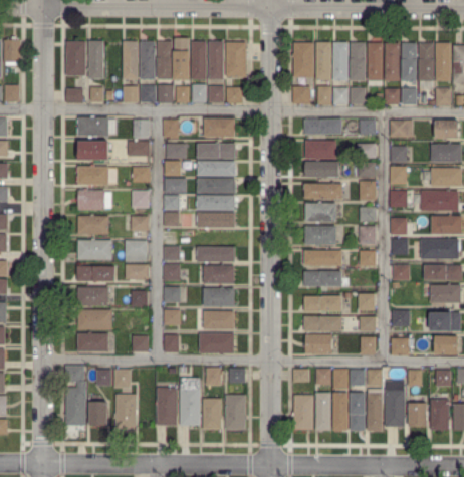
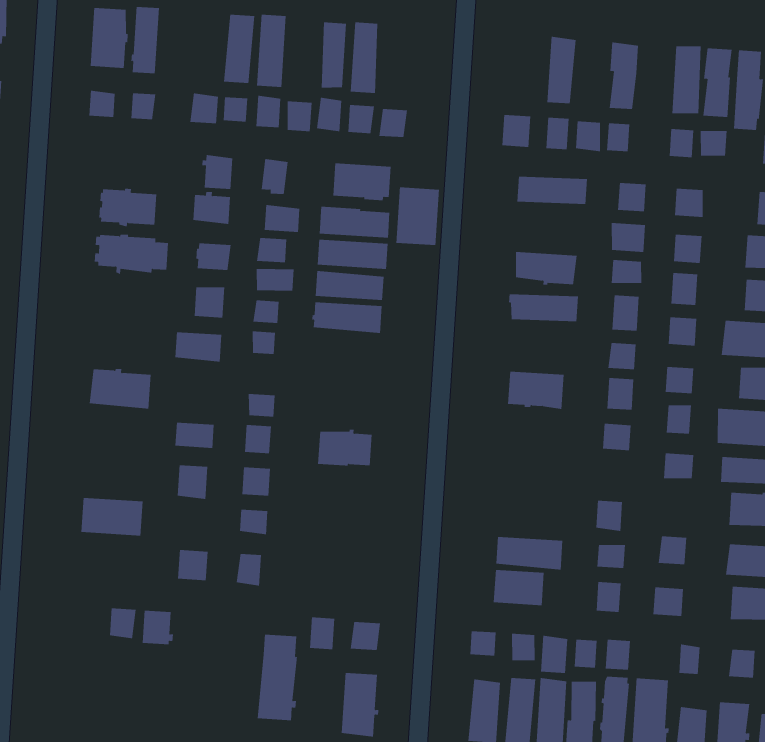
building: [175,38,190,79] -> none
building: [123,40,137,78] -> none
building: [226,42,245,75] -> none
building: [332,42,347,80] -> none
building: [292,43,312,77] -> none
building: [367,43,382,84] -> none
building: [77,115,114,137] -> none
building: none -> [396,187,439,246]
building: [305,140,336,159] -> none
building: [76,190,110,209] -> none
building: [303,202,334,223] -> none
building: [196,212,235,228] -> none
building: [77,214,107,235] -> none
building: [124,240,146,261] -> none
building: [195,247,234,262] -> none
building: [302,250,340,265] -> none
building: [79,266,113,280] -> none
building: [302,270,341,286] -> none
building: [77,287,106,306] -> none
building: [203,287,234,306] -> none
building: [304,295,340,311] -> none
building: [204,310,233,328] -> none
building: [76,331,107,351] -> none
building: [199,332,233,353] -> none
building: [65,365,85,425] -> none
building: [154,388,177,424] -> none
building: [114,394,137,428] -> none
building: [202,399,222,429] -> none
building: [89,402,106,424] -> none

